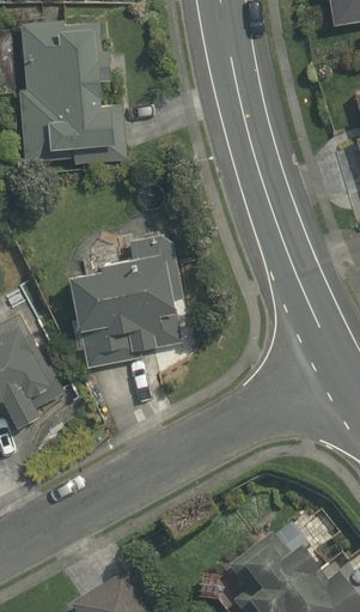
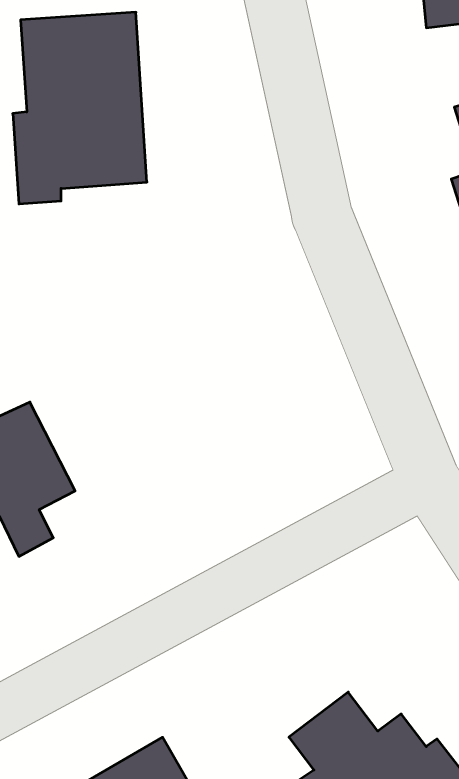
building: [73,234,185,376] -> none

